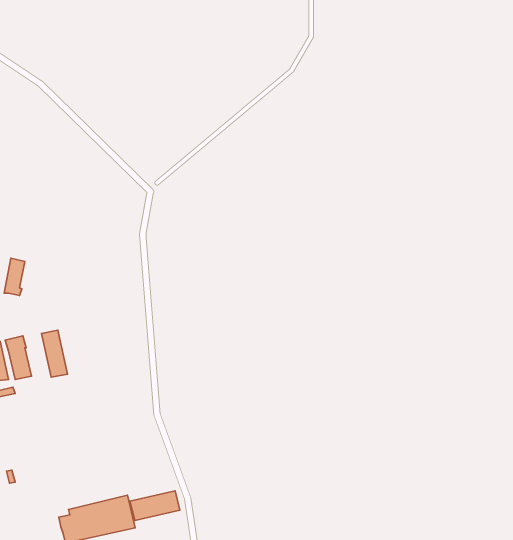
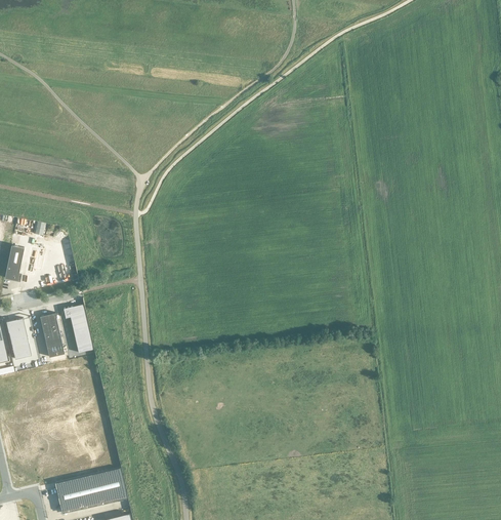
building: none -> [62,305,92,353]
building: [130,491,180,521] -> none

